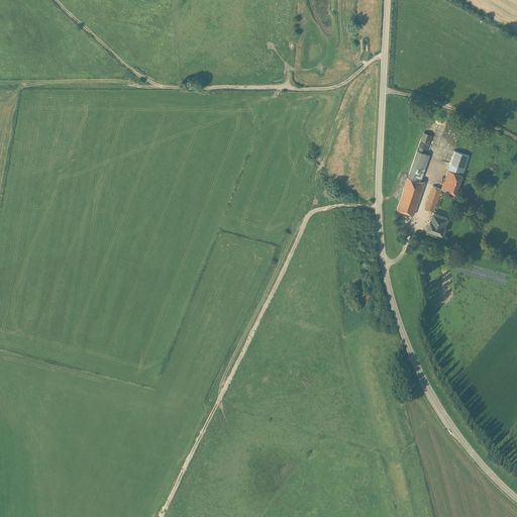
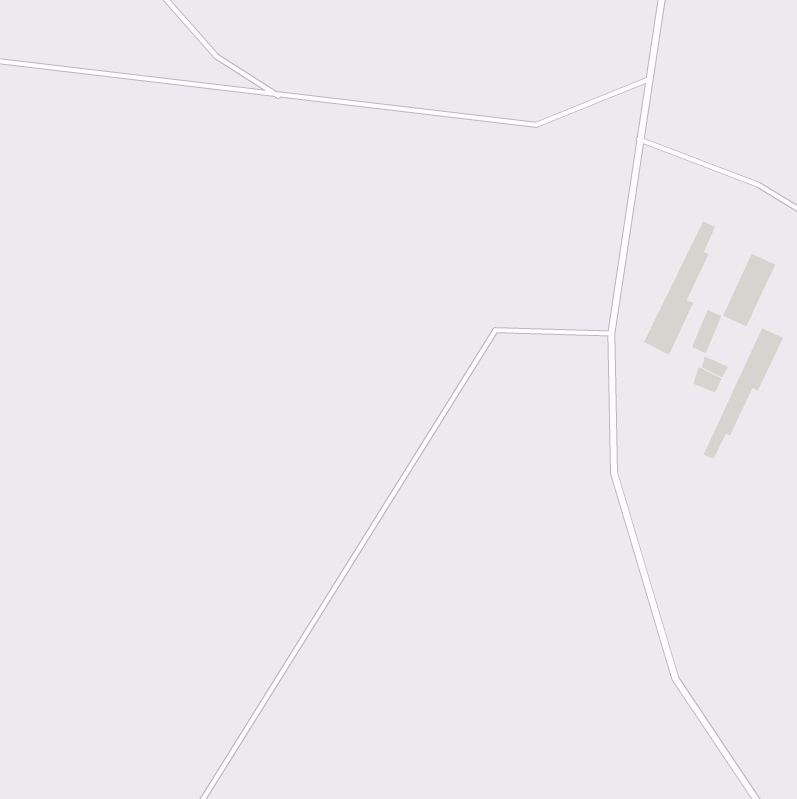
building: none -> [703,328,784,460]

